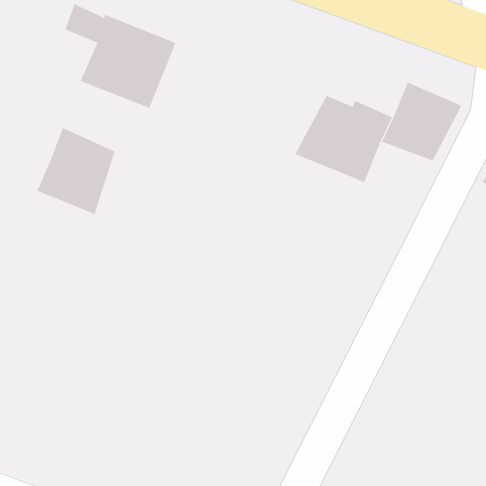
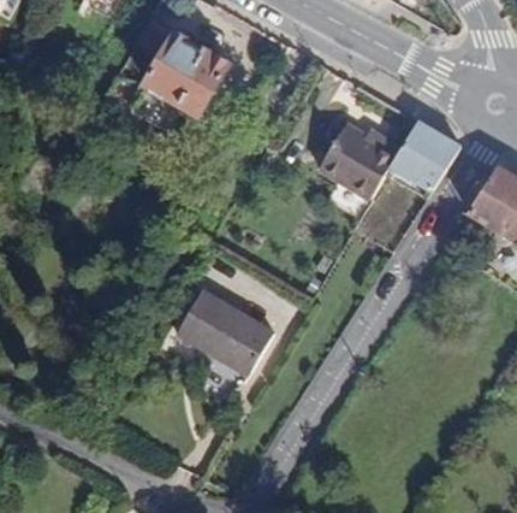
building: [37,127,115,215] -> none
building: none -> [176,289,272,375]

